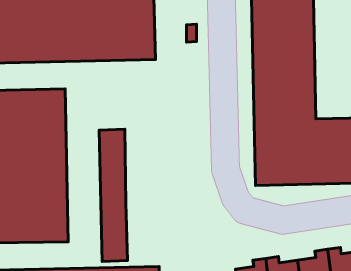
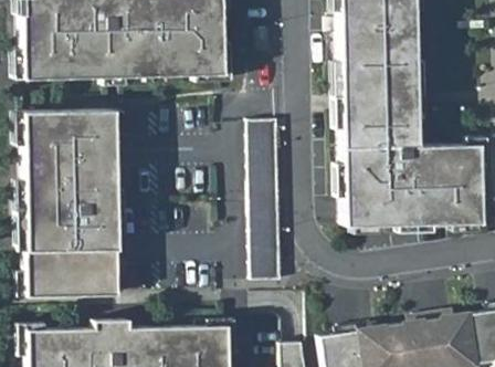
building: [99,129,128,261] -> [252,123,286,283]

